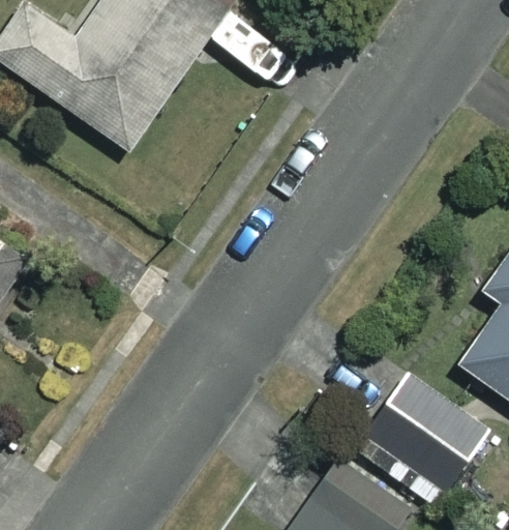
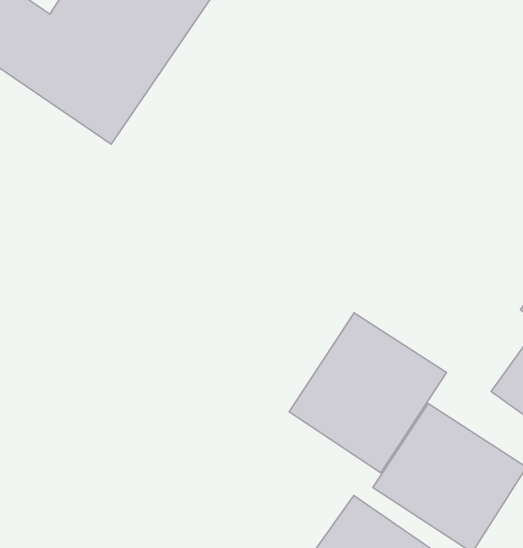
building: none -> [289,313,446,473]

